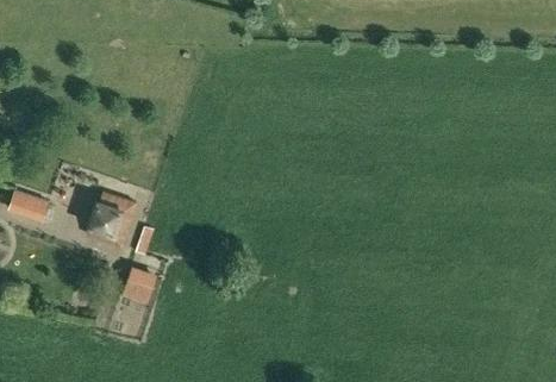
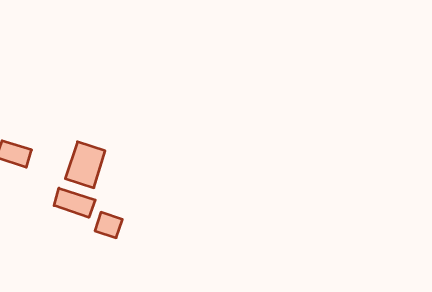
building: none -> [54,188,95,217]

